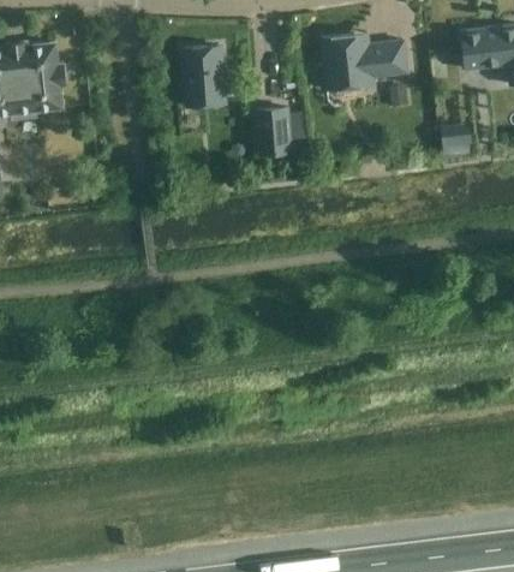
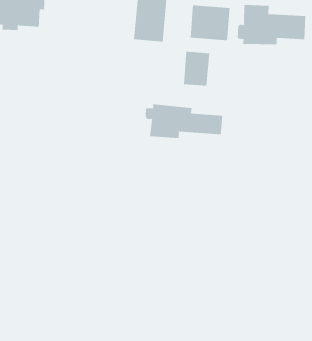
building: none -> [190,5,230,41]
building: none -> [145,104,223,139]

